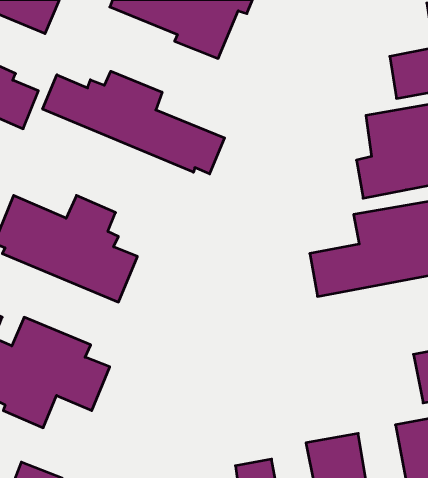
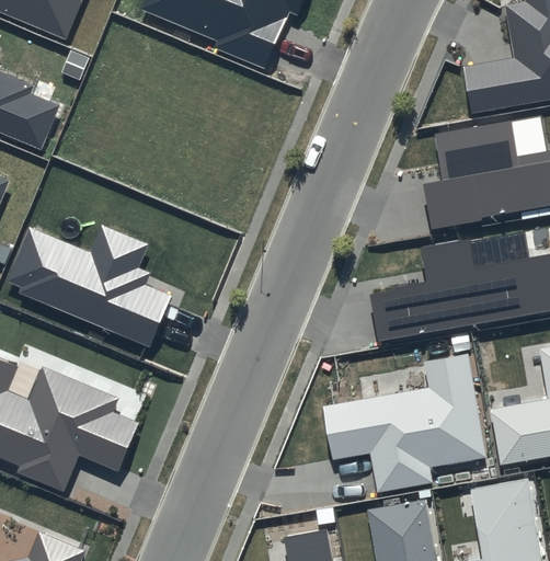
building: [43,71,225,174] -> none
building: none -> [322,353,486,491]

